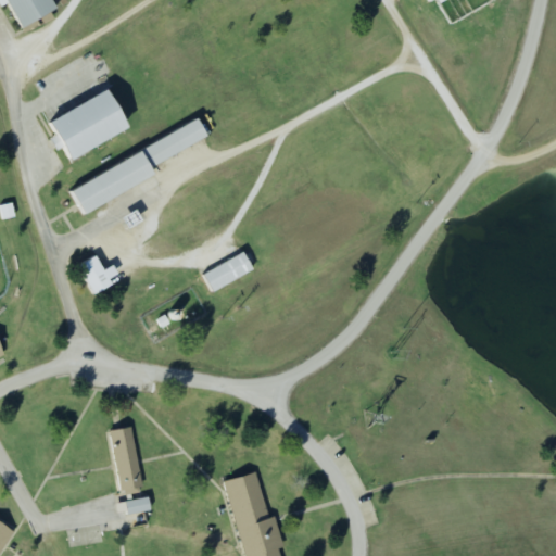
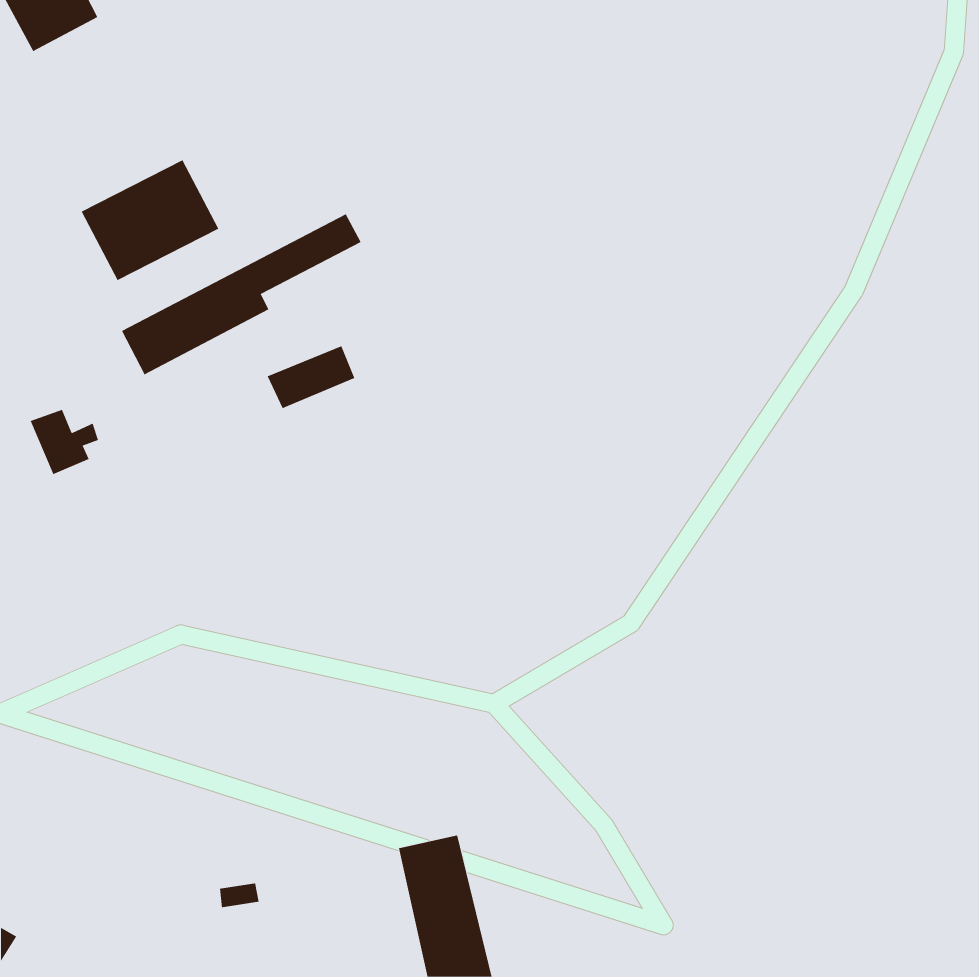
building: [203,253,253,289] -> [267,345,355,409]
building: [79,256,118,293] -> [30,409,99,475]
building: [111,426,143,494] -> none

